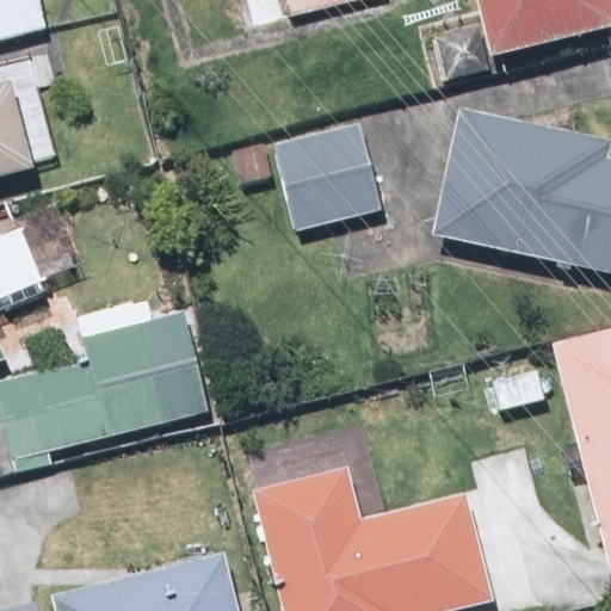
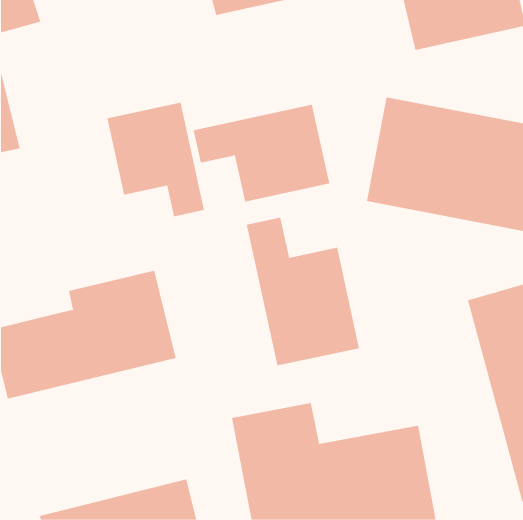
building: none -> [107,102,205,217]
building: none -> [246,217,360,366]

